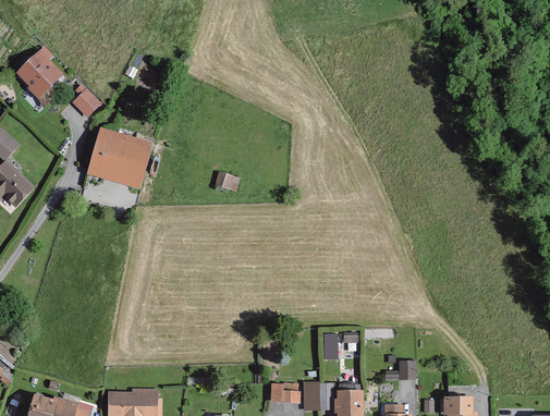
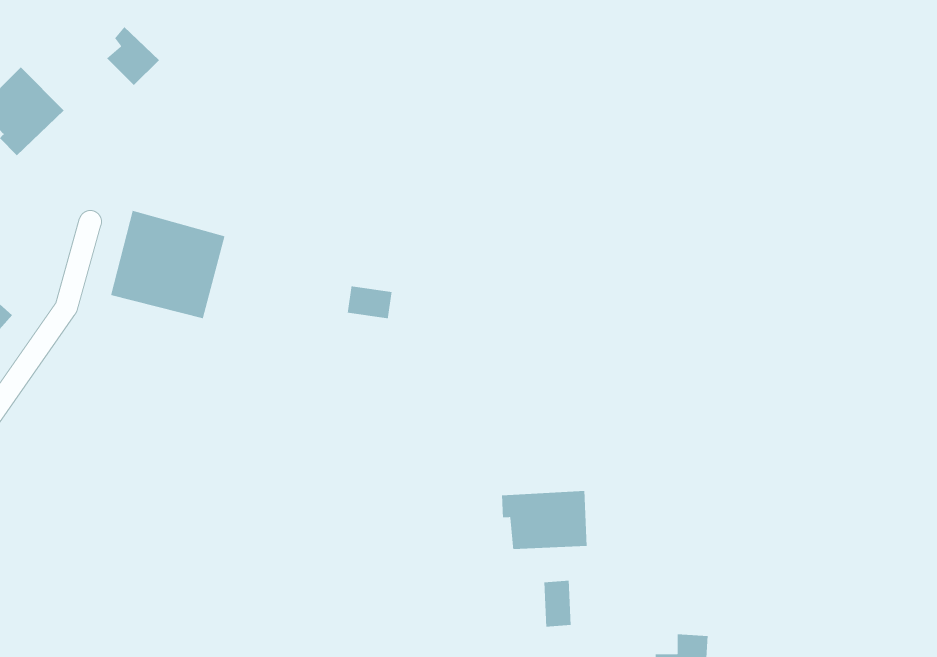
building: [71,84,100,117] -> [106,26,160,86]
building: none -> [501,490,587,550]

